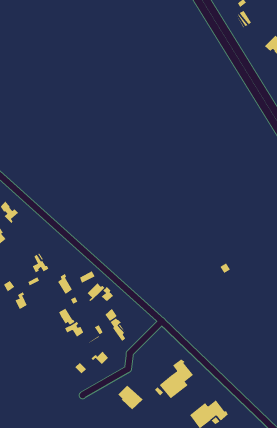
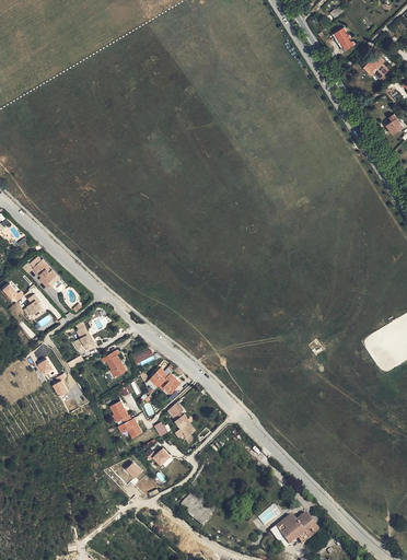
building: [159,359,194,399] -> none

